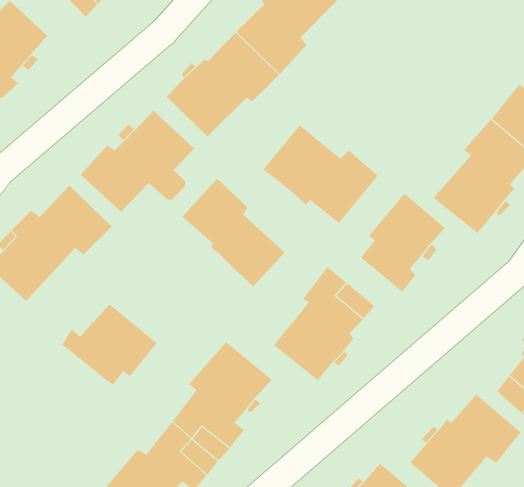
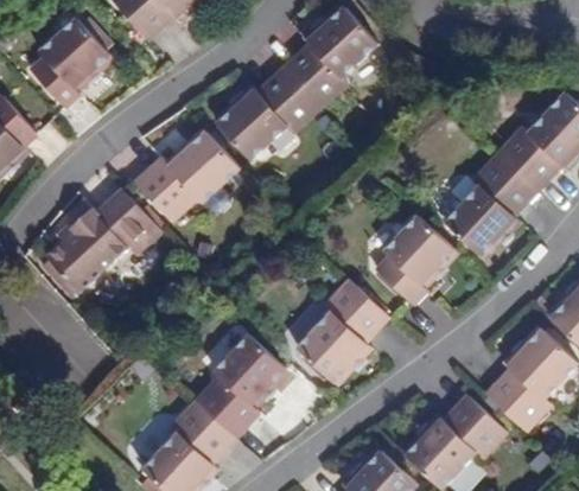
building: [263,124,378,224] -> none
building: [181,178,286,287] -> none
building: [61,303,158,386] -> none

